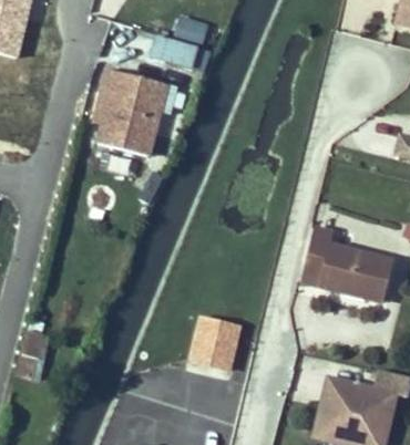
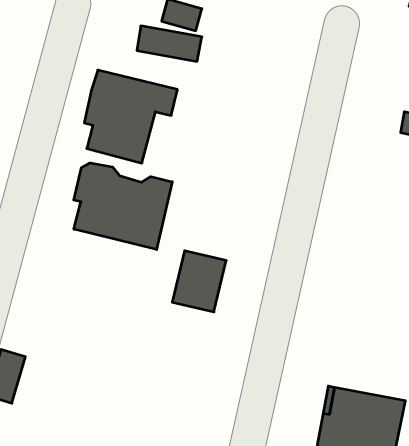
building: none -> [74,163,172,250]
building: [300,219,392,296] -> none
building: [191,317,239,372] -> [172,251,226,312]

